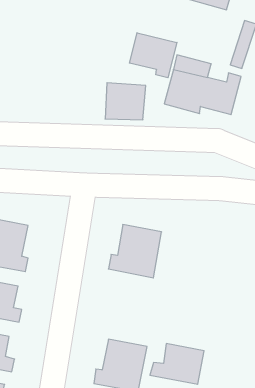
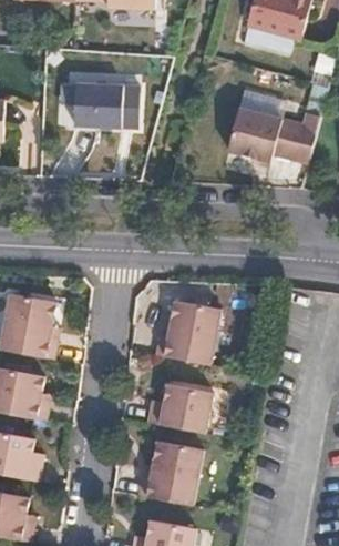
building: [129,33,177,78] -> none
building: [105,83,146,120] -> [75,82,125,128]
building: [150,344,204,384] -> [146,383,213,433]

